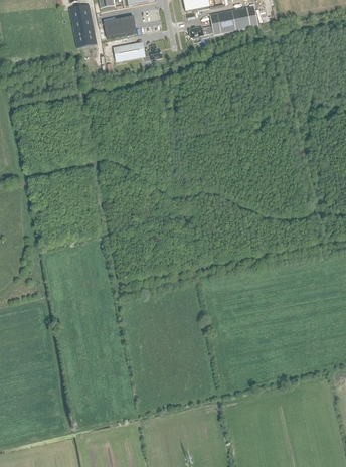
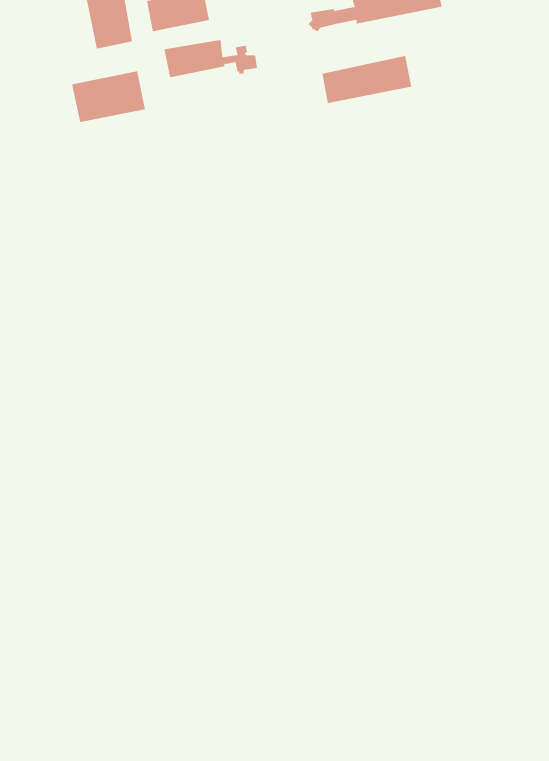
building: none -> [322,55,412,104]
building: none -> [71,71,146,123]

